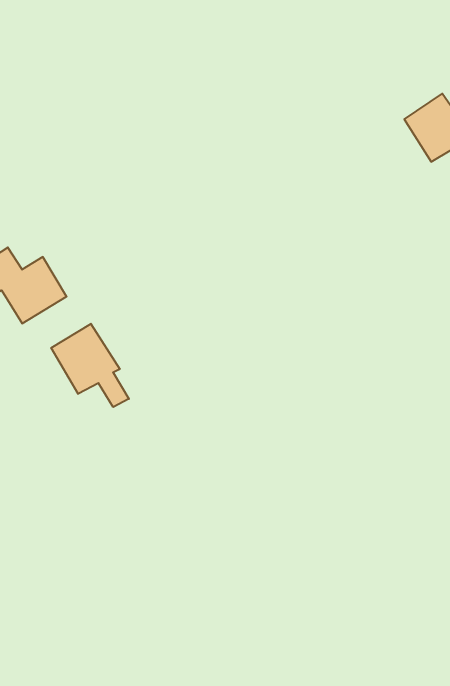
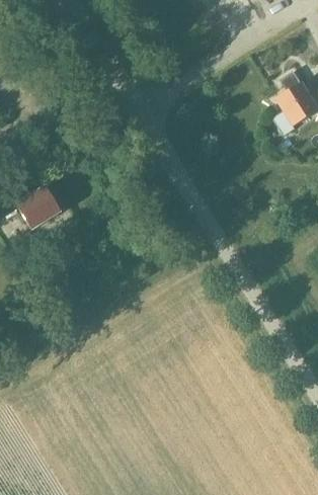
building: [51,324,129,407] -> none

